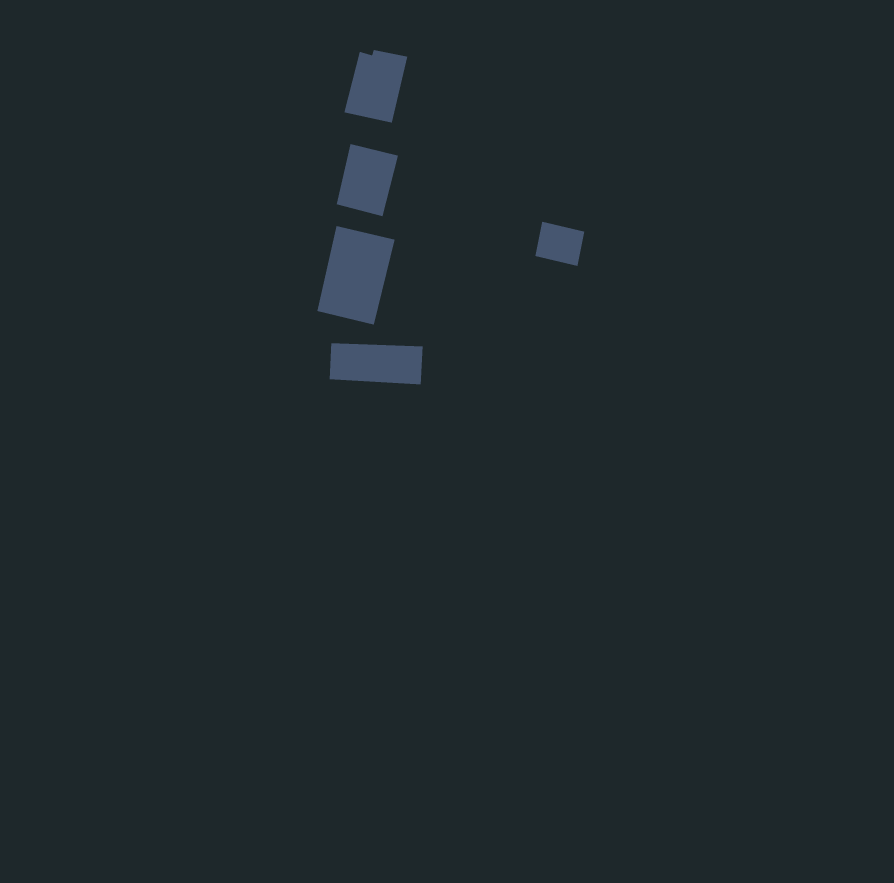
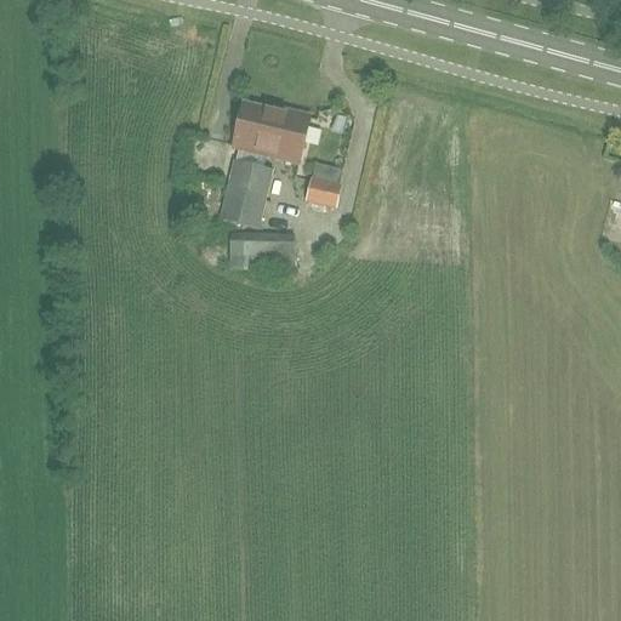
building: [344,50,408,123] -> [266,107,310,158]
building: [534,221,585,267] -> [307,173,342,205]

